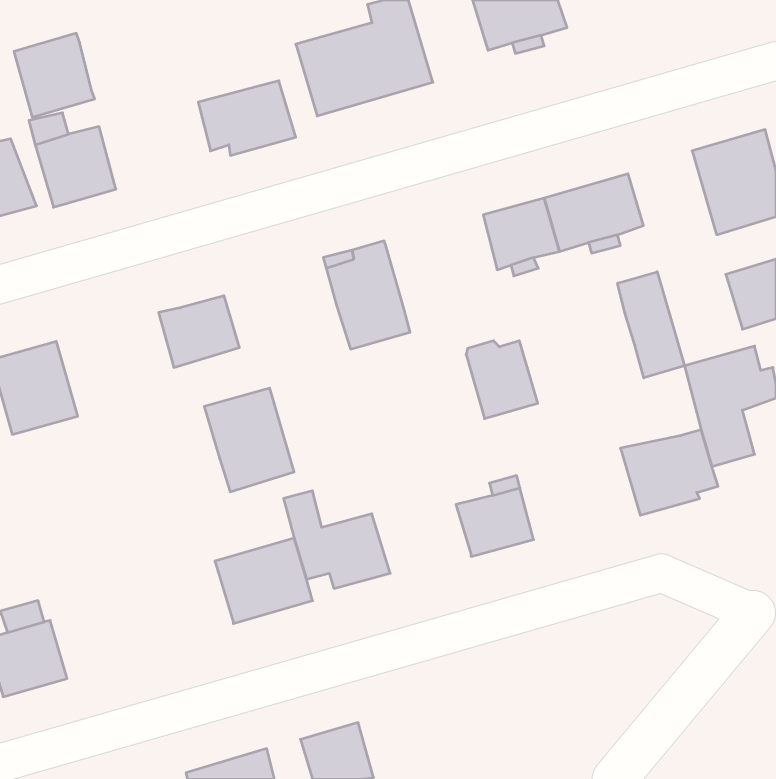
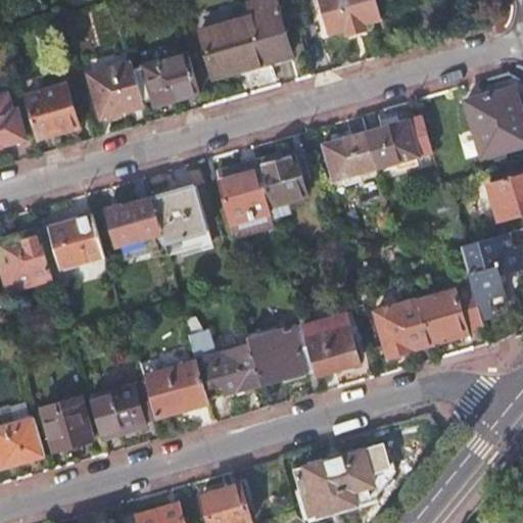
building: [14,33,95,117] -> [89,62,143,118]
building: [618,272,685,378] -> none
building: none -> [48,213,104,269]
building: [466,341,538,419] -> [258,155,306,207]
building: [204,388,294,492] -> [150,186,210,255]
building: none -> [374,300,429,356]
building: none -> [248,324,316,384]
building: none -> [92,383,156,436]
building: none -> [42,396,93,450]
building: none -> [295,444,392,517]

